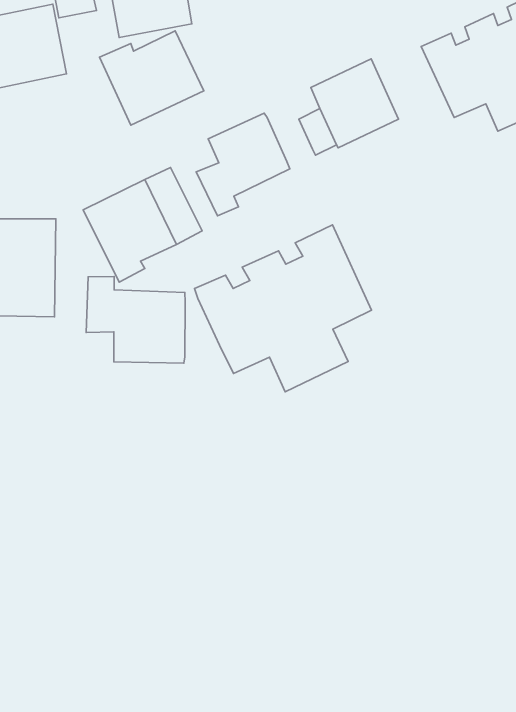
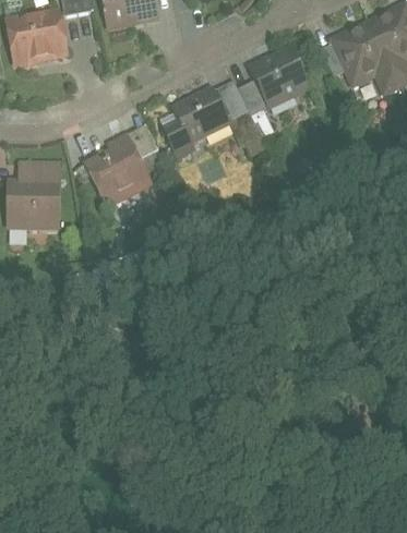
building: [100,31,204,125] -> none
building: none -> [215,78,248,119]
building: [194,225,371,392] -> none
building: [86,277,185,363] -> none

